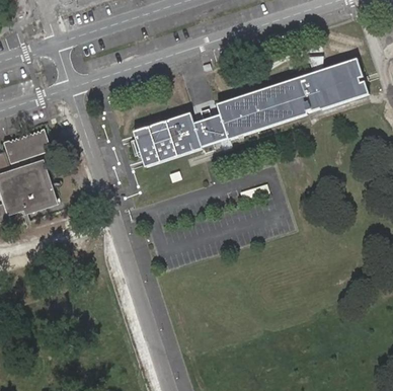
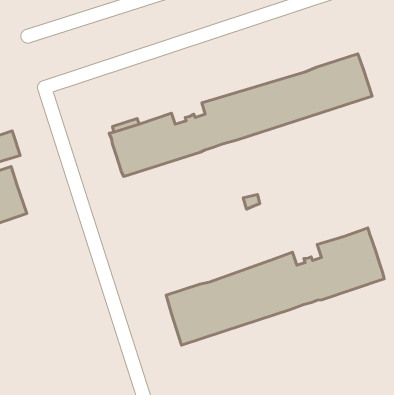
building: none -> [166,228,384,345]

